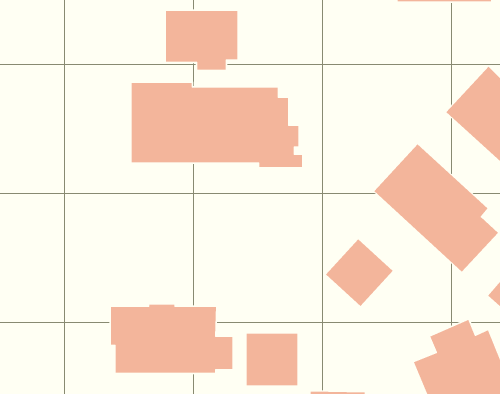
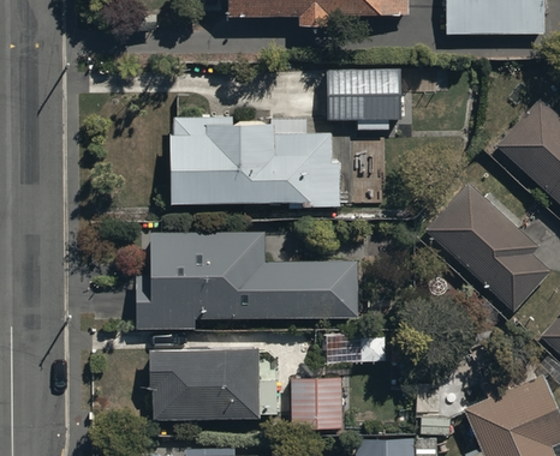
building: [165,10,238,71] -> [324,70,400,132]
building: none -> [136,235,357,332]
building: [325,238,394,307] -> none

